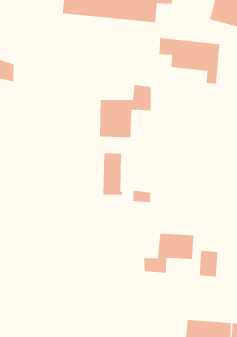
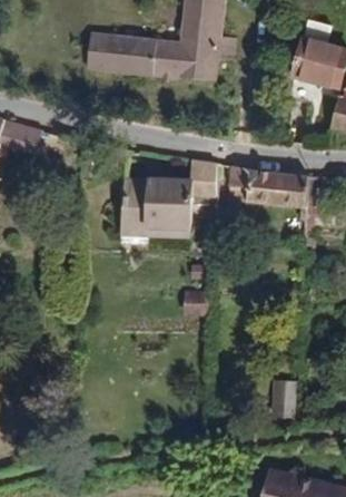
building: [159,37,220,84] -> [227,165,308,227]
building: [103,152,123,196] -> [121,179,148,236]
building: [143,233,194,274] -> none

